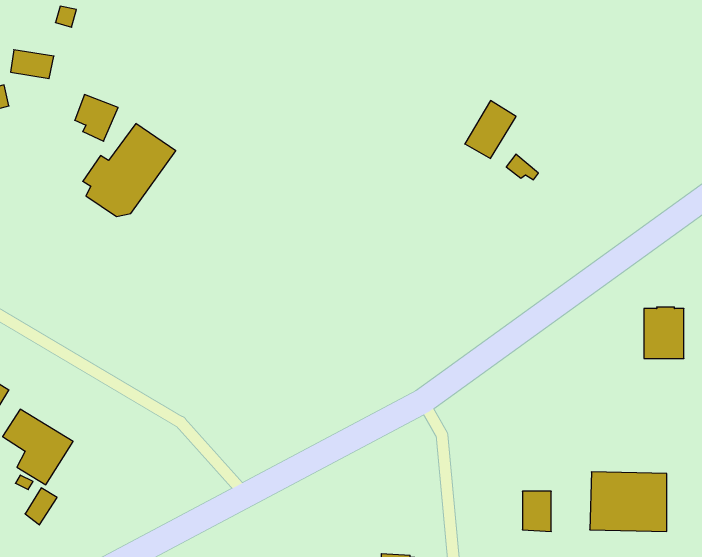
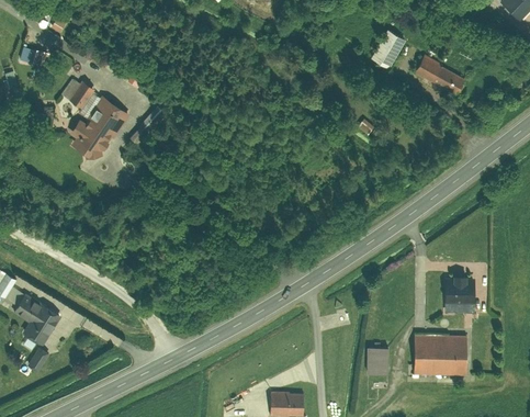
building: none -> [415,57,464,94]
building: [465,101,516,158] -> [369,27,404,67]
building: [644,307,684,358] -> [446,279,473,314]

